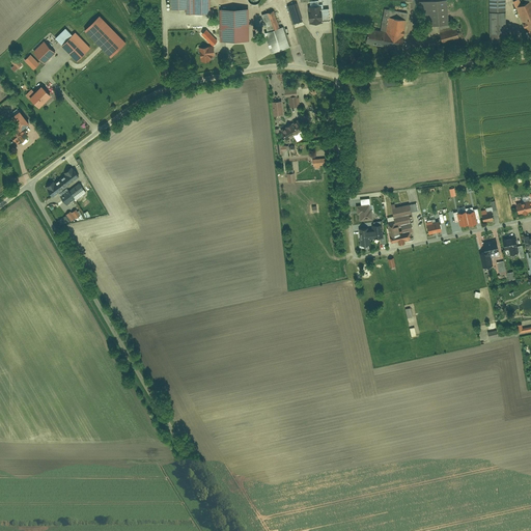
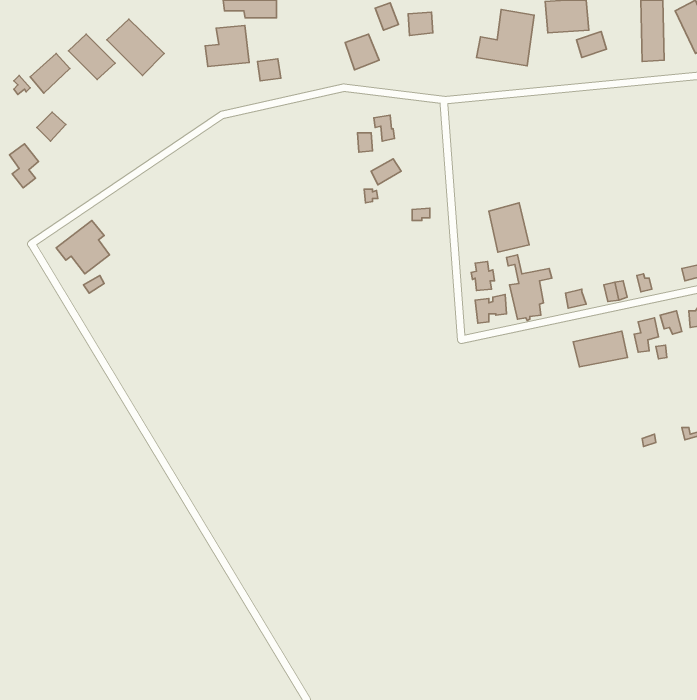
building: [215,10,248,41] -> [205,25,249,66]
building: none -> [489,203,529,252]
building: none -> [573,331,628,367]

